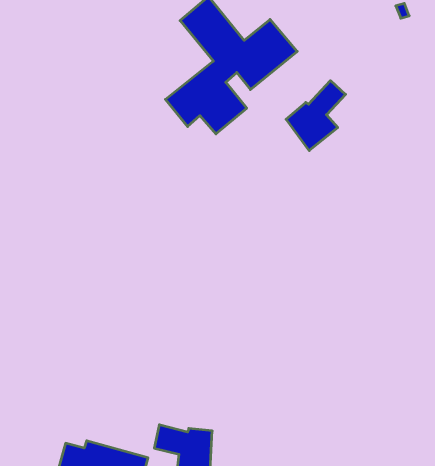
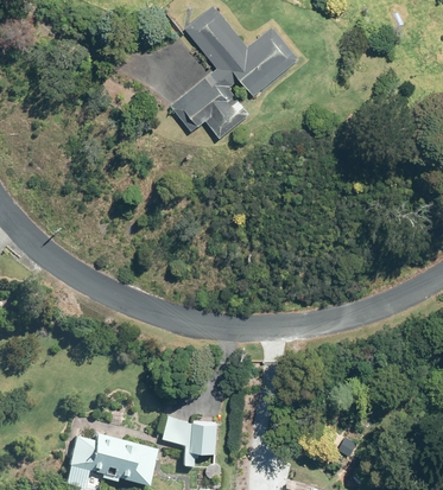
building: [286,81,346,151] -> none

